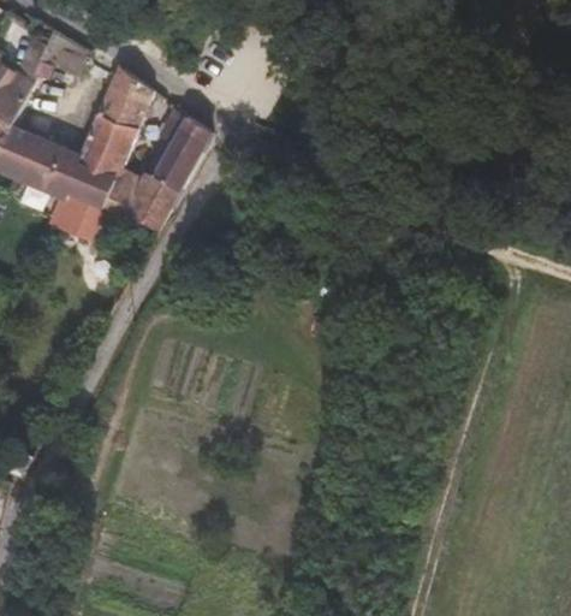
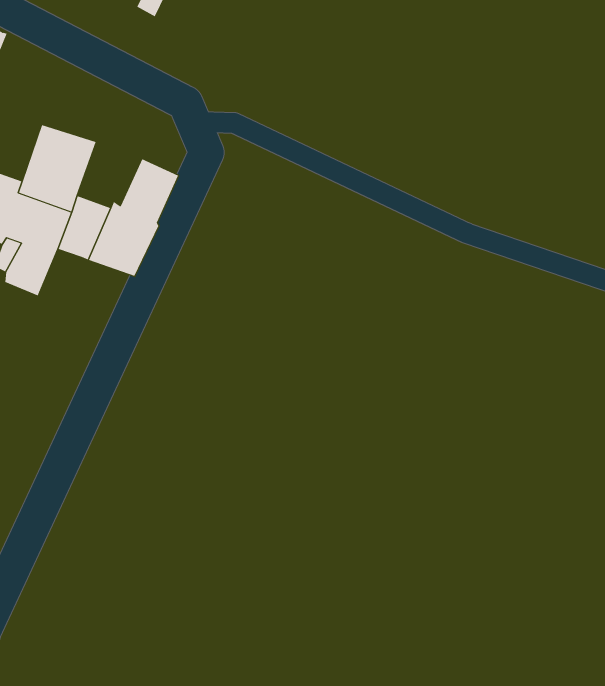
building: [99,69,154,130] -> none
building: [159,108,210,159] -> none

